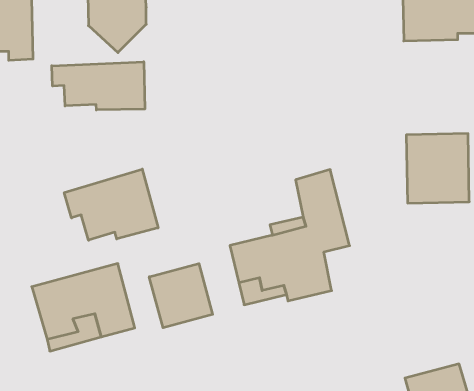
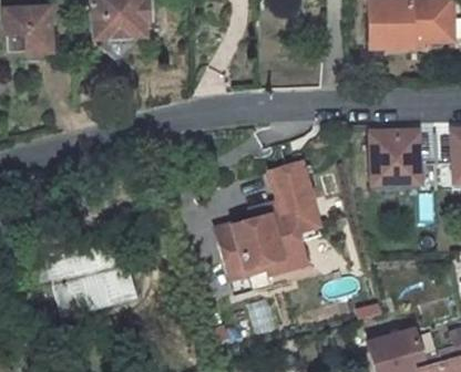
building: [52,62,145,110] -> none
building: [64,169,158,240] -> none
building: [149,264,213,328] -> none

